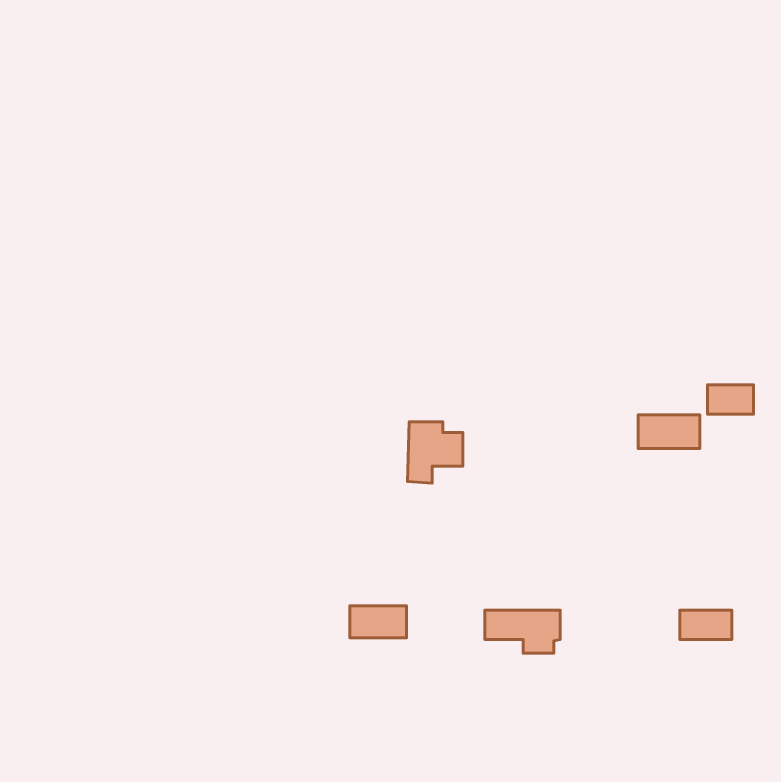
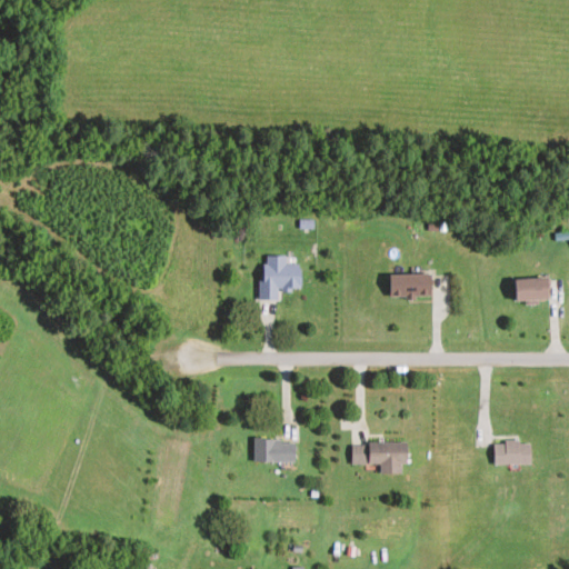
building: [638,415,700,448] -> [388,273,432,298]
building: [408,422,463,483] -> [262,256,302,300]

